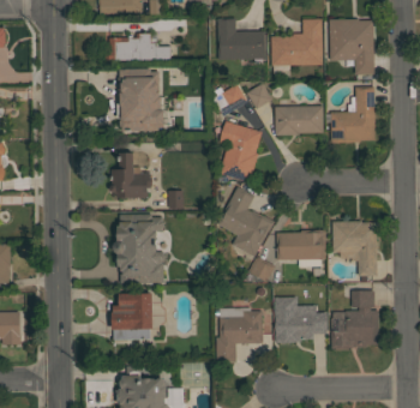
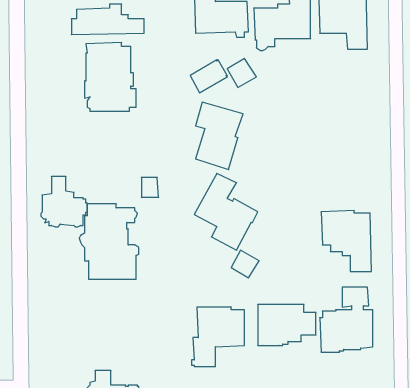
building: [331,88,376,143] -> none
building: [275,106,324,136] -> none
building: [110,154,152,199] -> [41,177,87,227]
building: [277,230,326,260] -> none
building: [112,293,154,340] -> none

